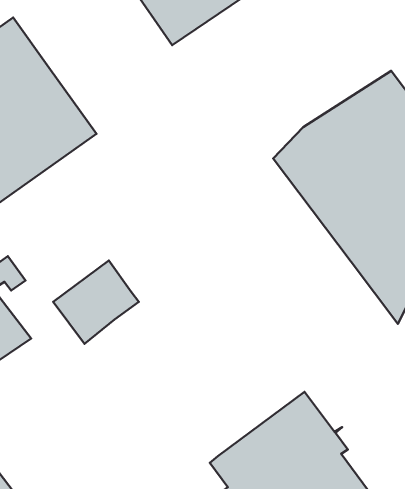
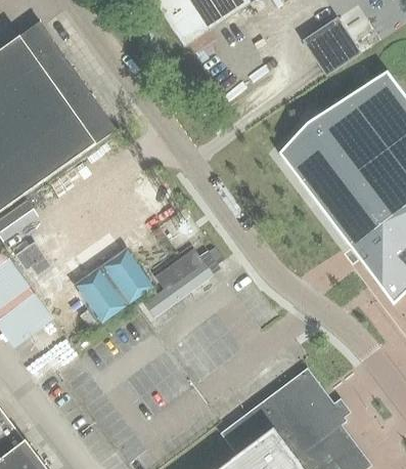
building: none -> [301,16,360,76]
building: none -> [142,248,212,315]

